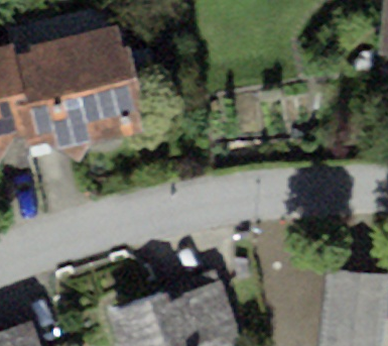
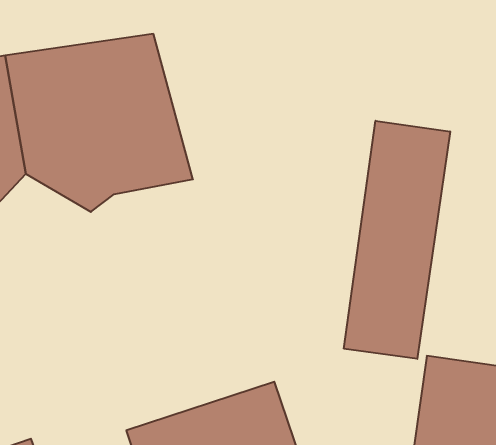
building: none -> [344,121,450,359]

